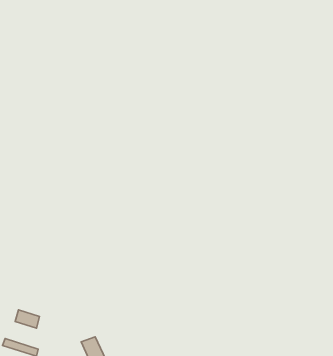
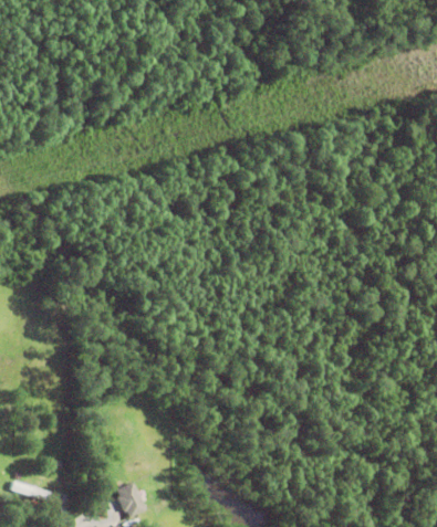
building: [15,310,39,328] -> none

